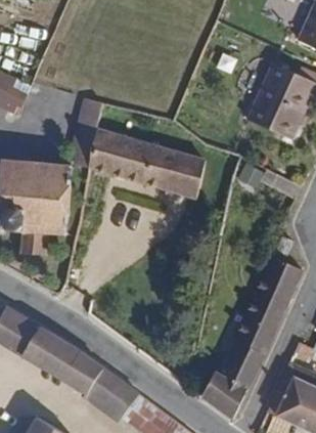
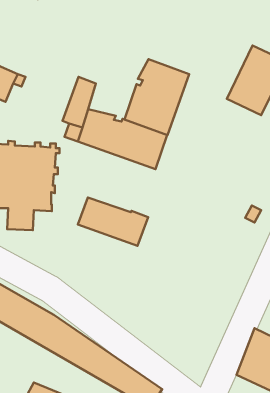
building: none -> [124,59,189,135]
building: none -> [78,197,148,246]
building: [204,248,295,419] -> none

